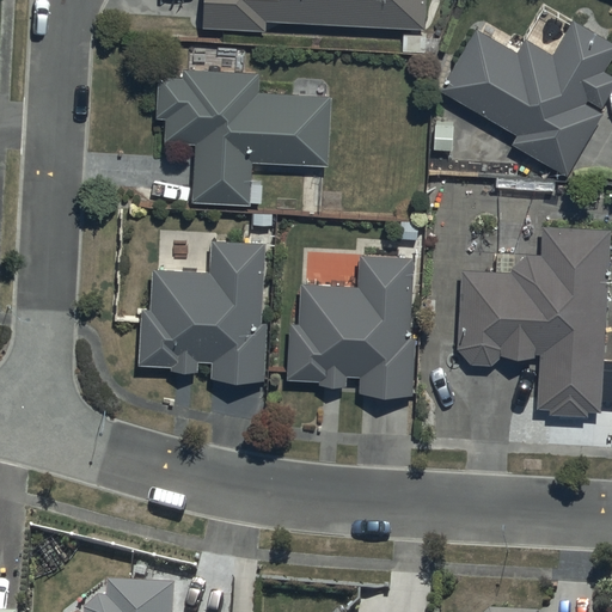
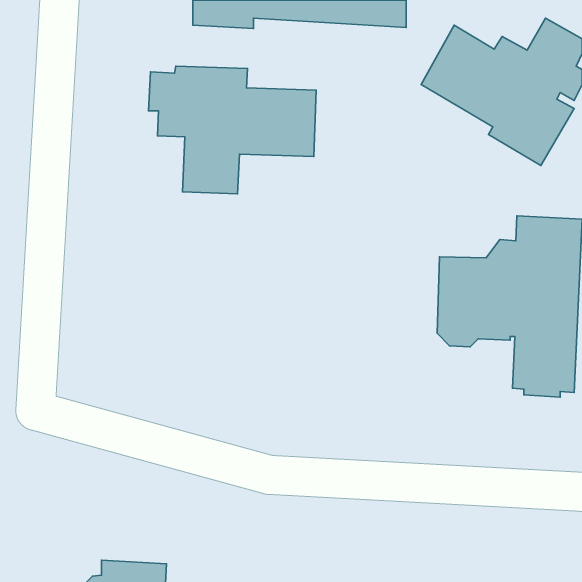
building: [140,240,267,382] -> none
building: [284,255,416,396] -> none

